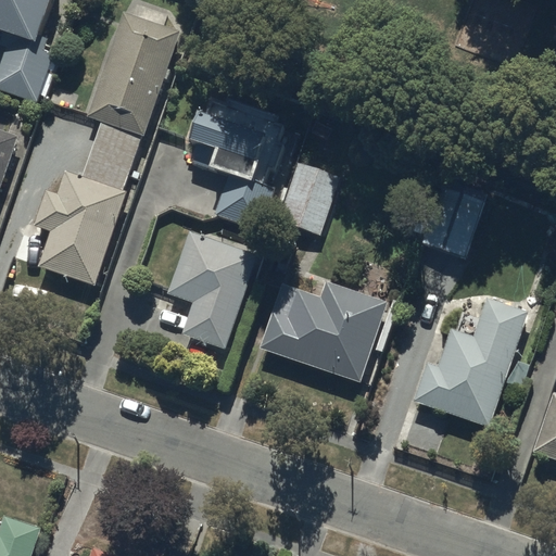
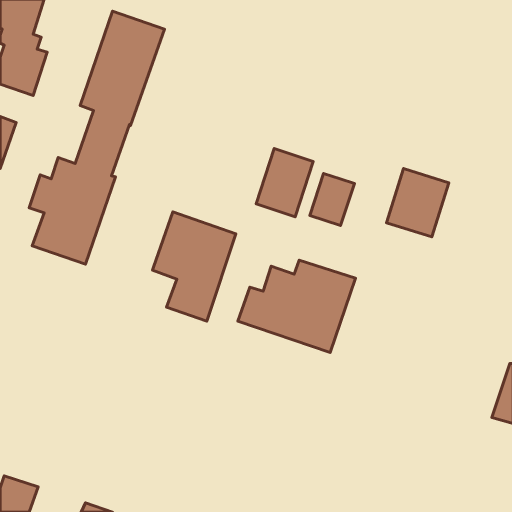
building: [186,99,282,232] -> none
building: none -> [310,174,354,225]
building: [413,298,528,426] -> none

